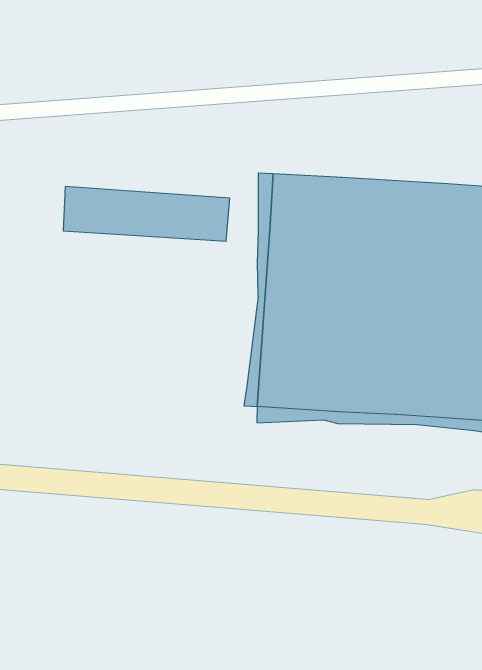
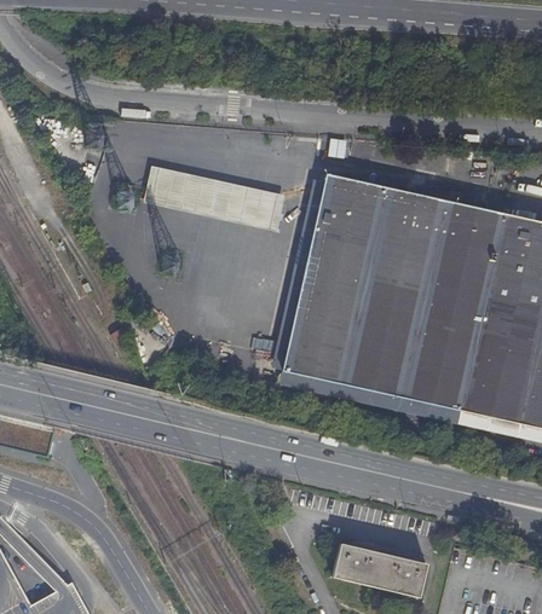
building: none -> [336,541,429,593]

